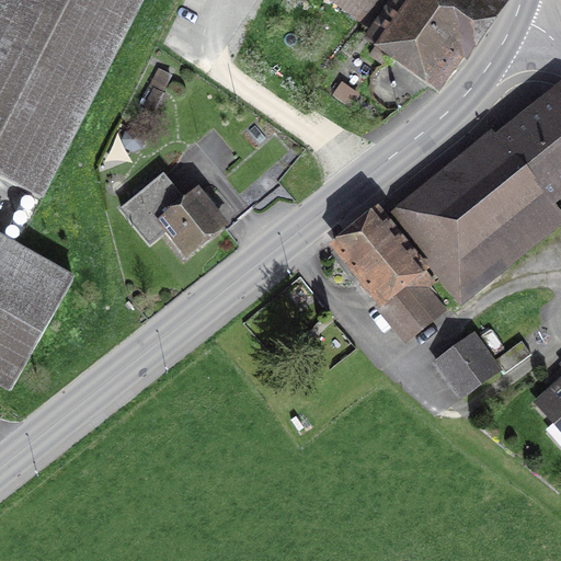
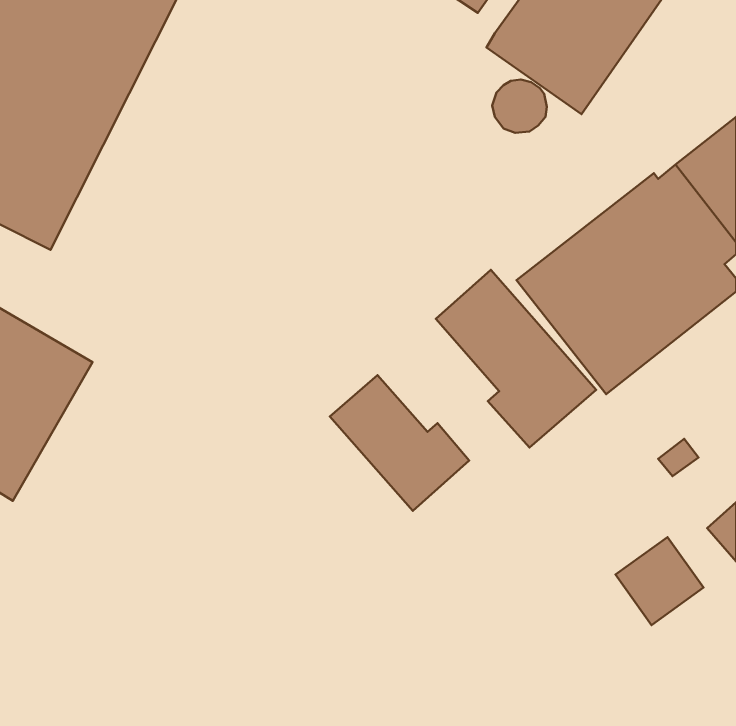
building: [122,172,230,254] -> none
building: none -> [330,375,469,511]
building: [437,332,504,399] -> [615,537,703,625]

